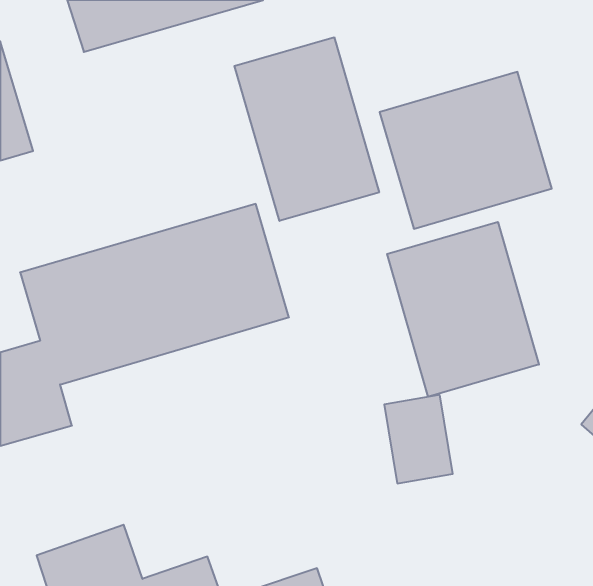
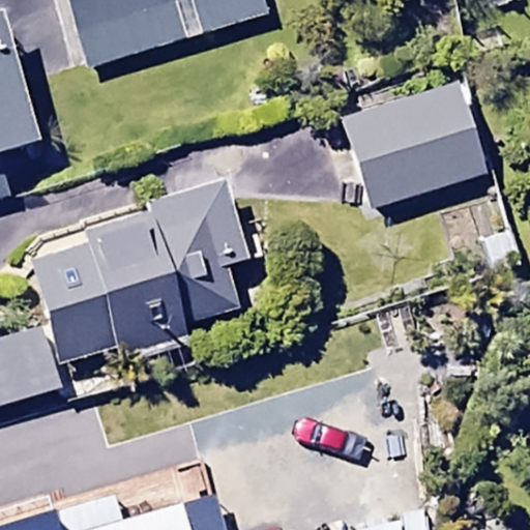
building: [234,37,379,221] -> none
building: [387,222,539,397] -> none

